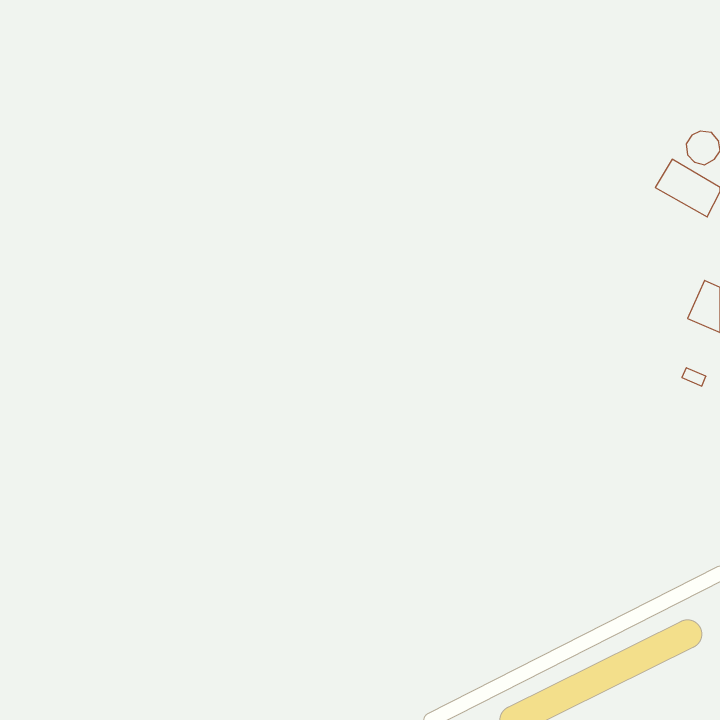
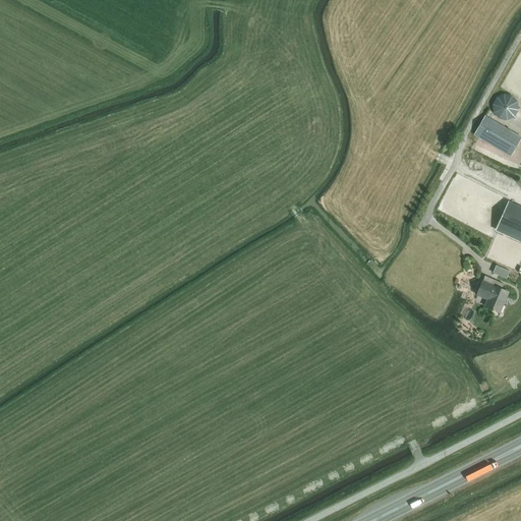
building: none -> [477,279,508,312]

